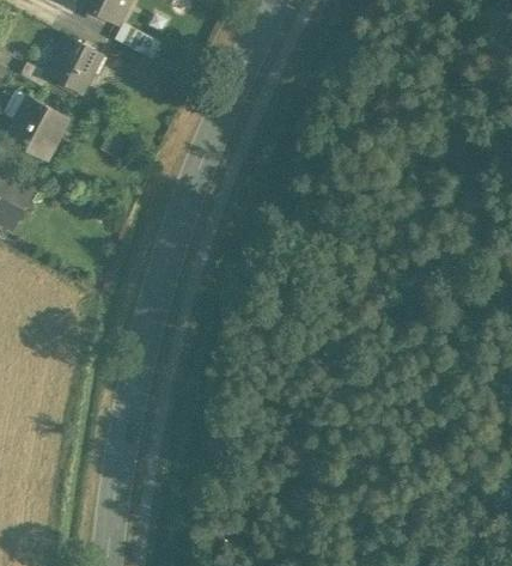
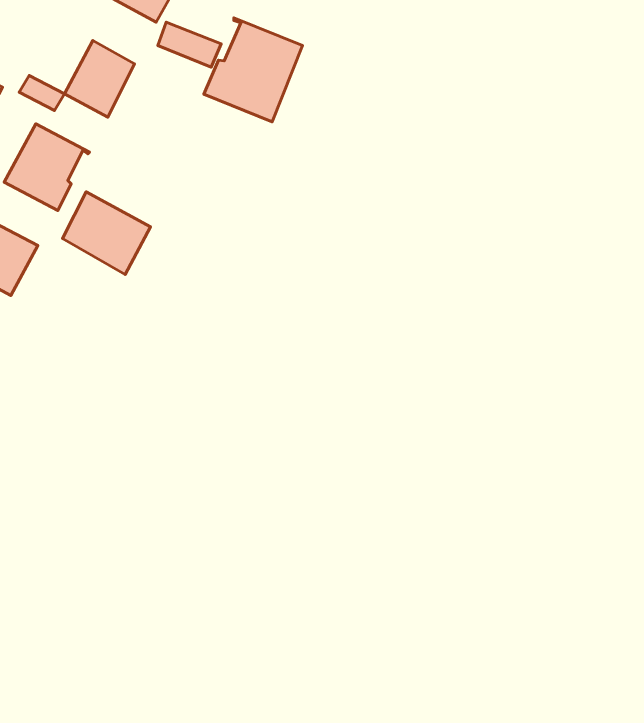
building: none -> [204,18,302,122]
building: none -> [62,192,151,274]

